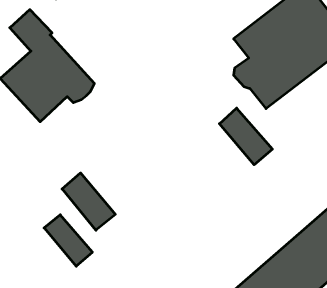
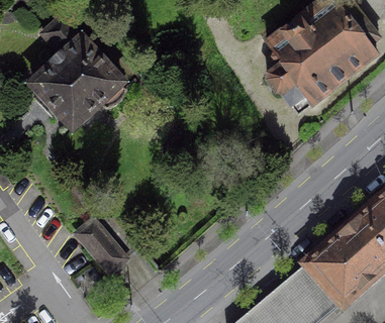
building: [219,108,272,165] -> none
building: [62,173,115,230] -> none

